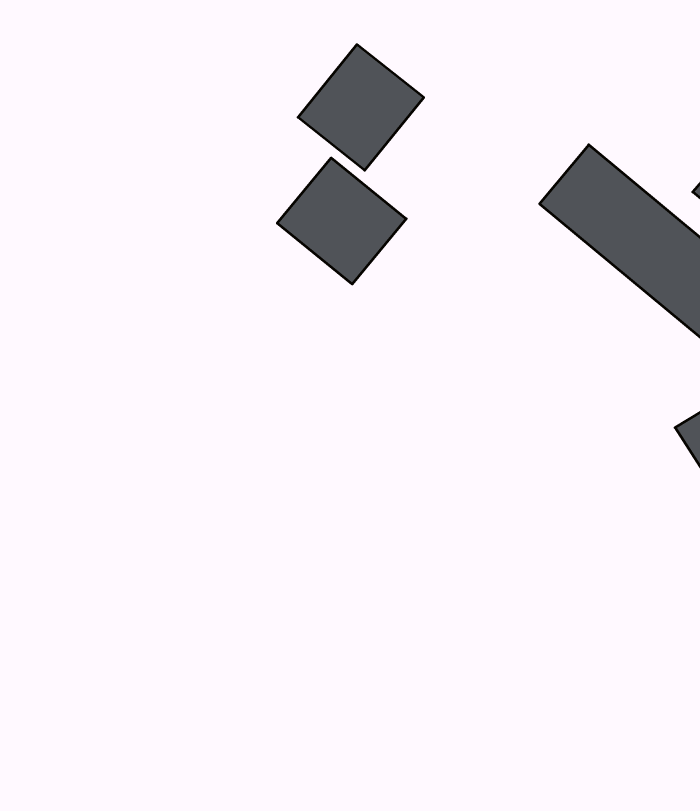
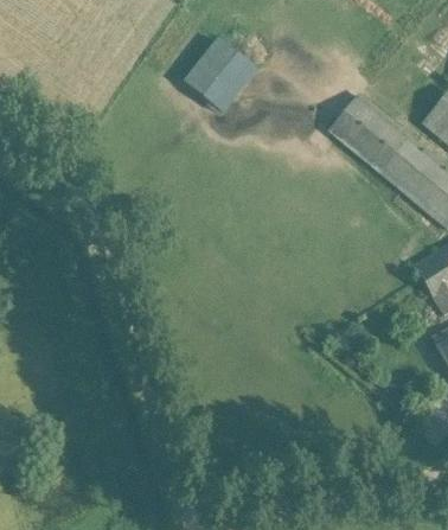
building: [277,158,406,284] -> none

